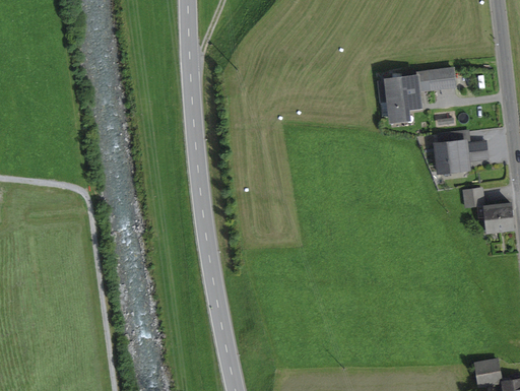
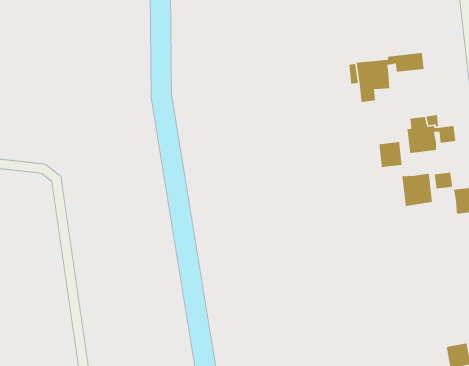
building: none -> [379,141,403,168]
building: none -> [401,173,433,207]

